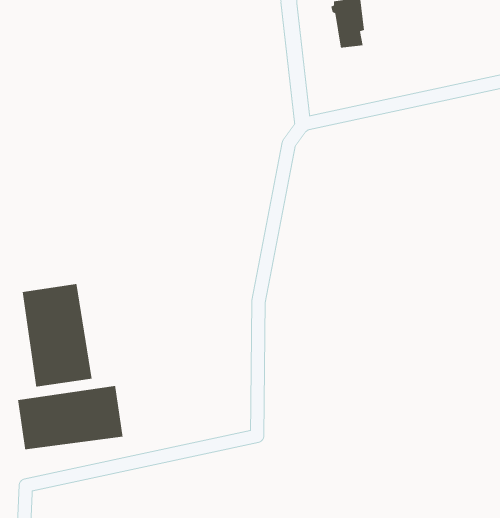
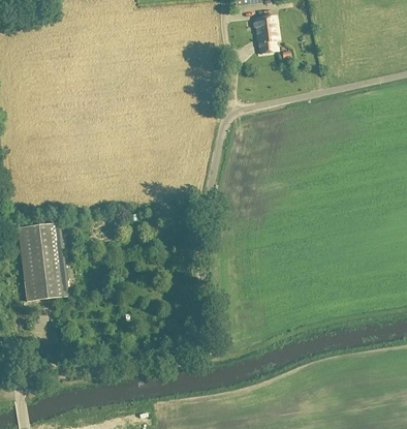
building: [17,385,123,450] -> none

